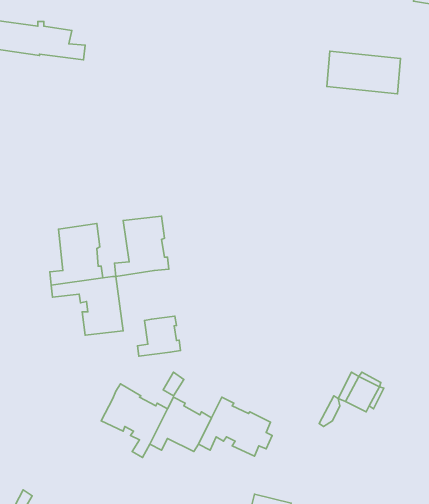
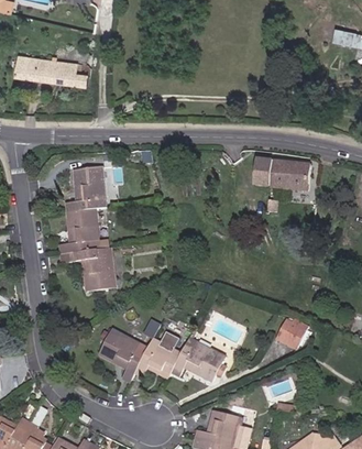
building: [327,51,400,94] -> [254,158,309,190]
building: [114,216,169,276] -> [65,167,106,212]
building: [137,316,181,356] -> none

